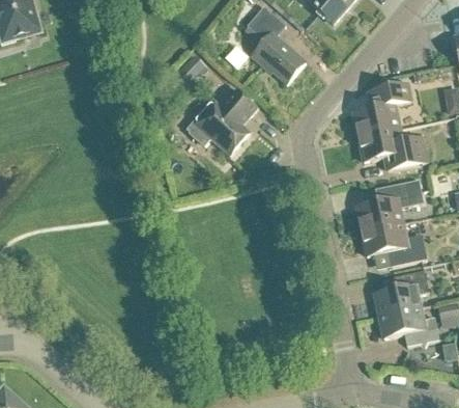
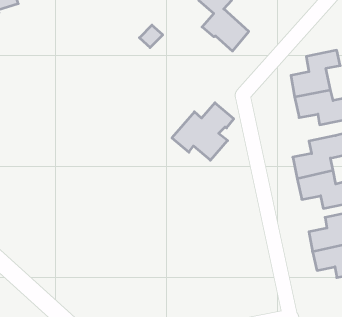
building: [187,88,258,155] -> [172,103,234,160]

